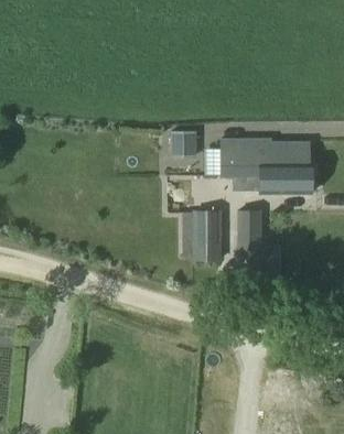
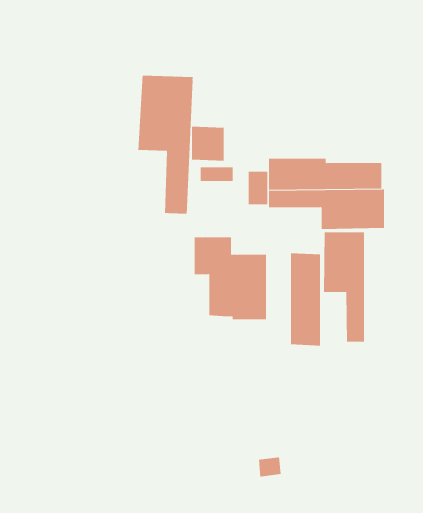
building: none -> [138,75,193,214]
building: none -> [323,231,364,342]

